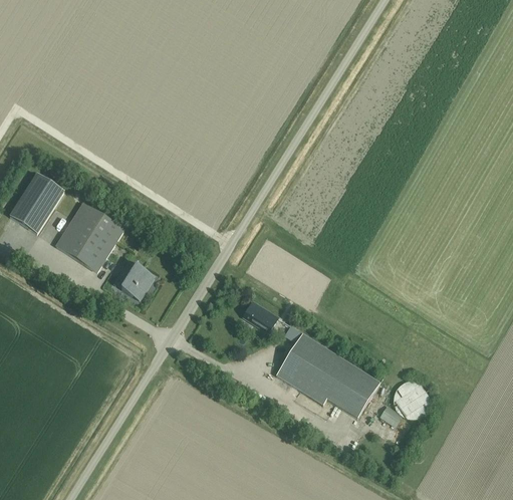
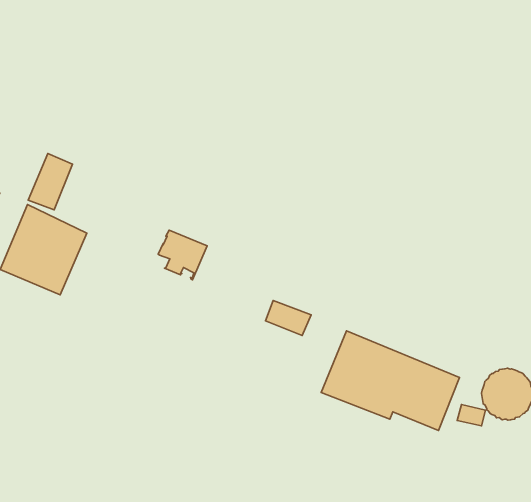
building: none -> [28,154,73,210]
building: [117,261,155,300] -> [158,230,207,280]

